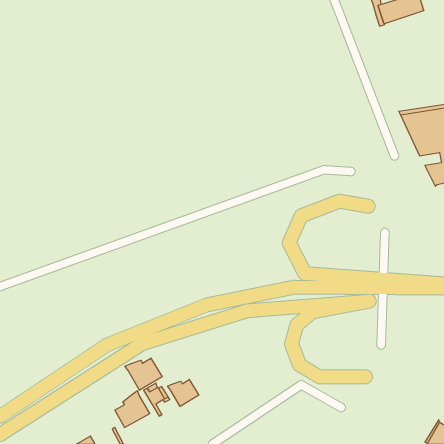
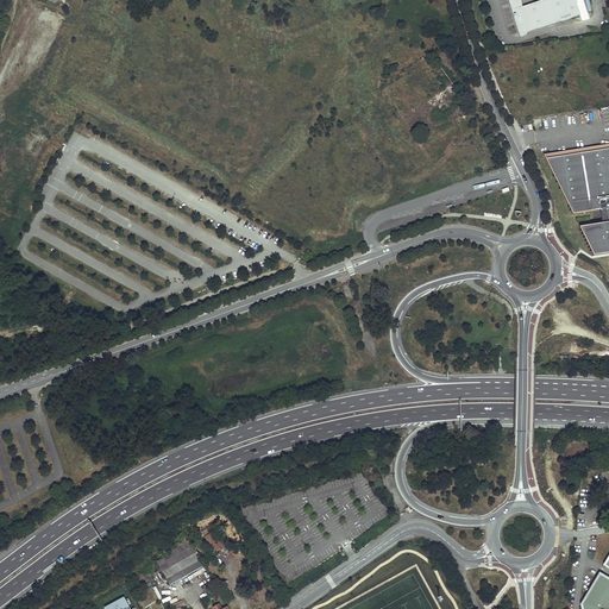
building: [125,358,162,390] -> none
building: [168,379,199,406] -> none

